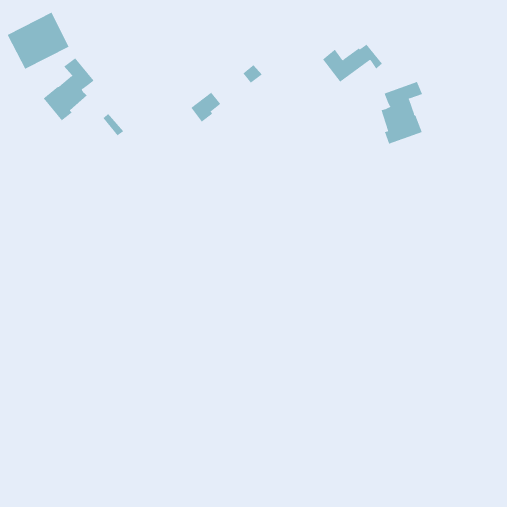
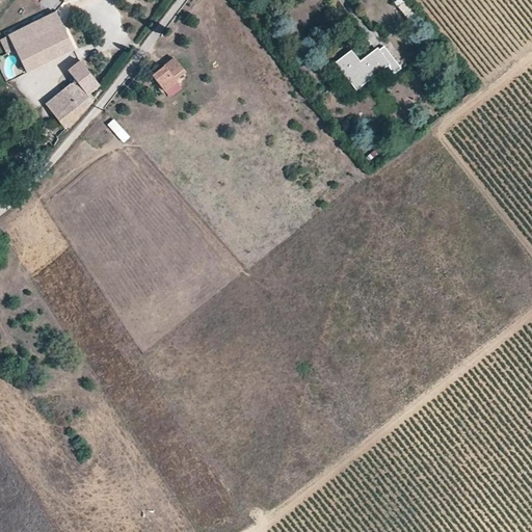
building: [381,81,423,145] -> none
building: [190,92,221,123] -> [153,58,185,90]

